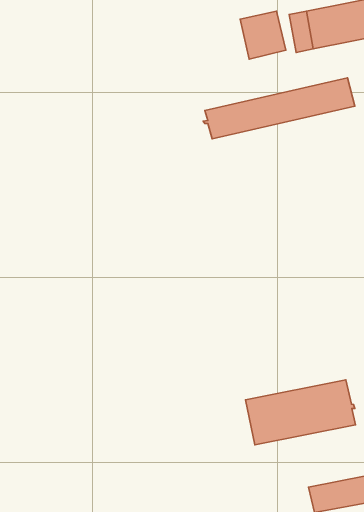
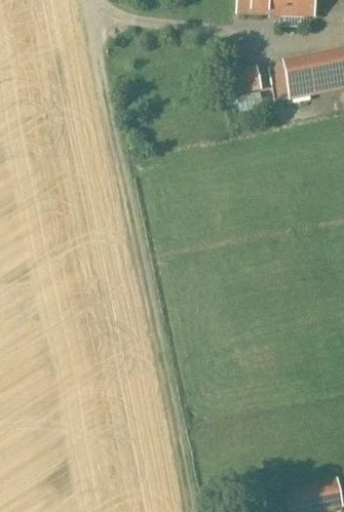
building: [203,78,355,139] -> none
building: [245,380,355,445] -> none

